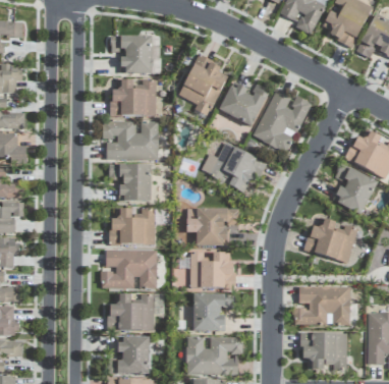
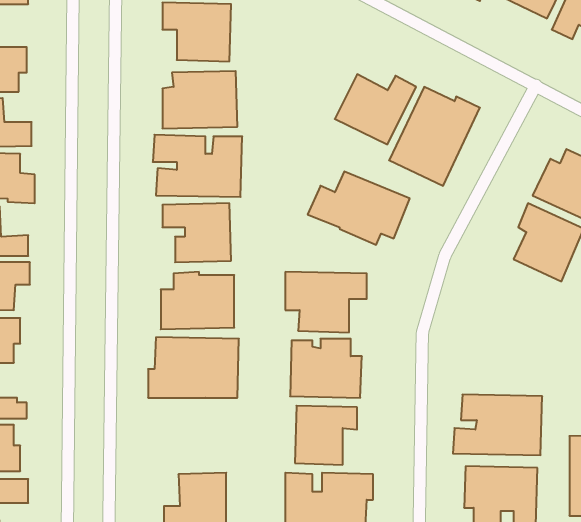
building: [177,54,228,116] -> none
building: [303,218,357,262] -> none
building: [109,293,155,331] -> none

